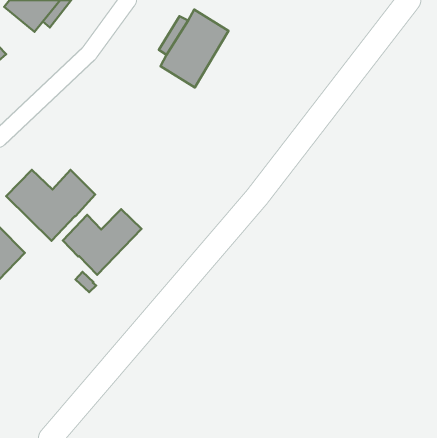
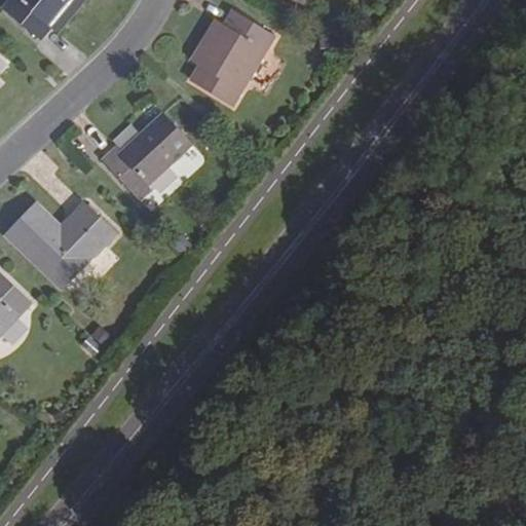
building: none -> [103,114,191,198]
building: [63,209,141,275] -> none

